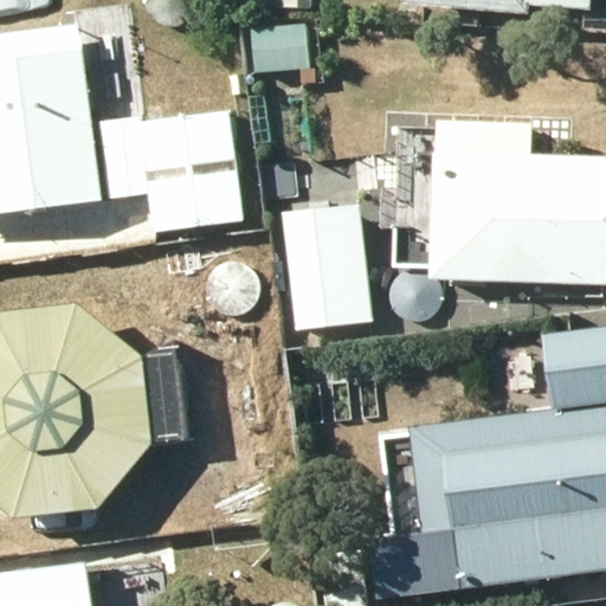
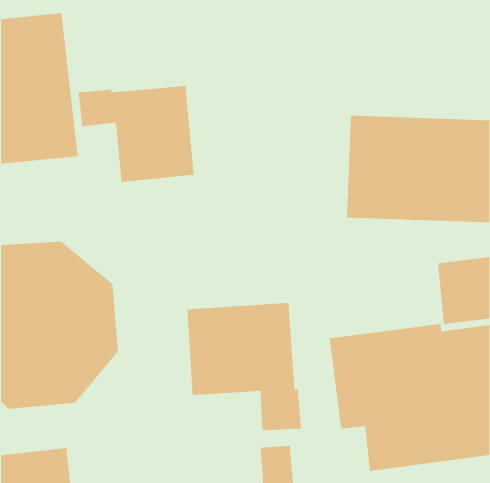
building: [285,208,363,329] -> none
building: none -> [187,302,301,431]

